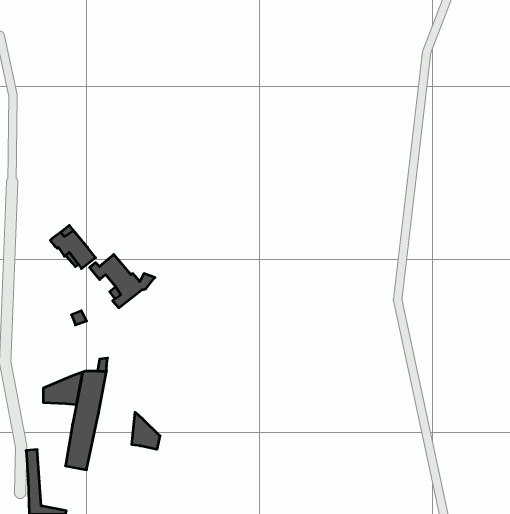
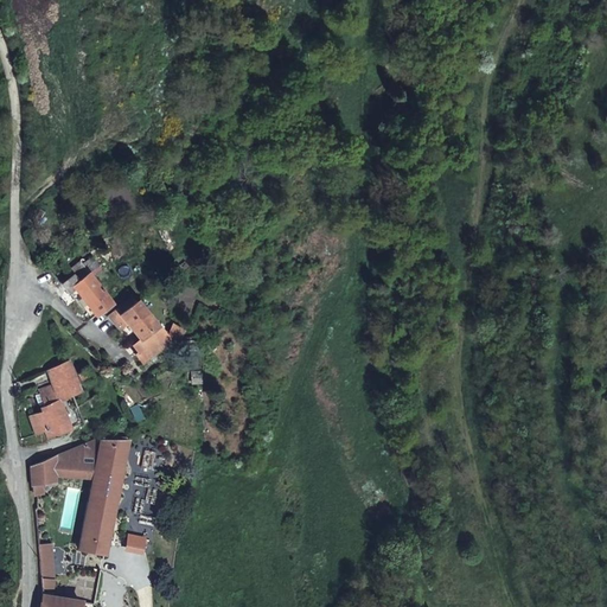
building: none -> [33,357,94,439]
building: none -> [33,458,56,491]
building: [132,412,160,449] -> none

